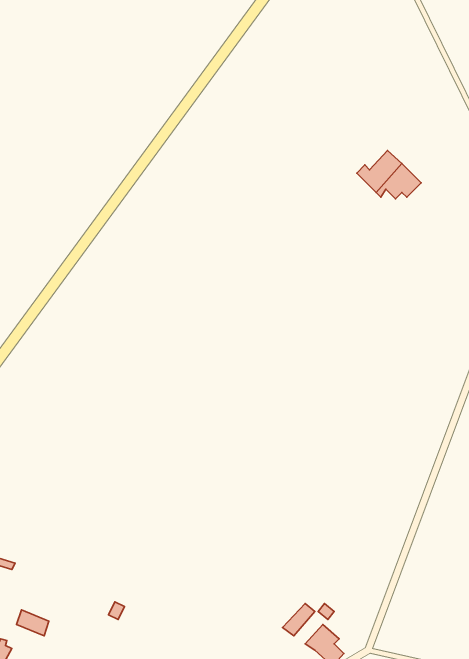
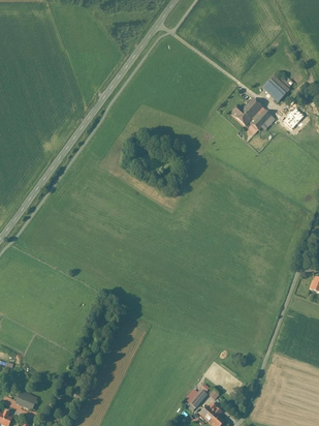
building: none -> [263,75,291,101]

